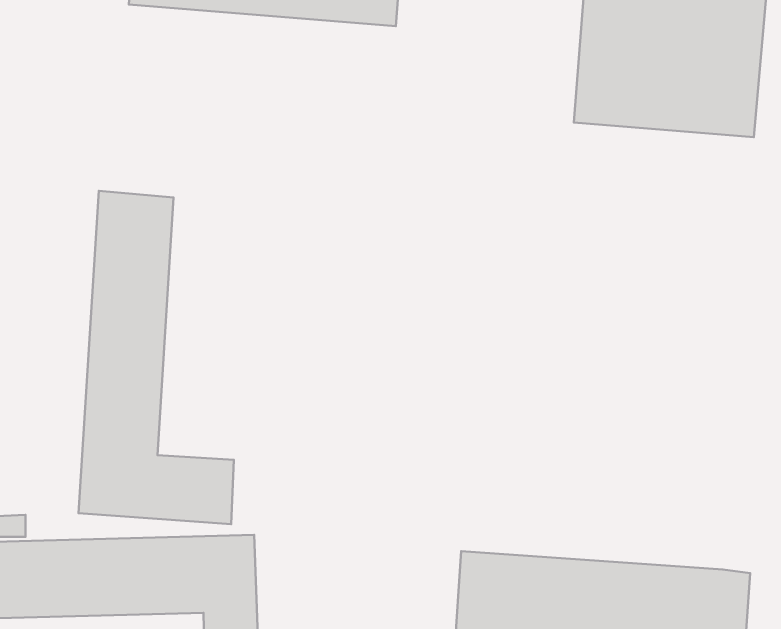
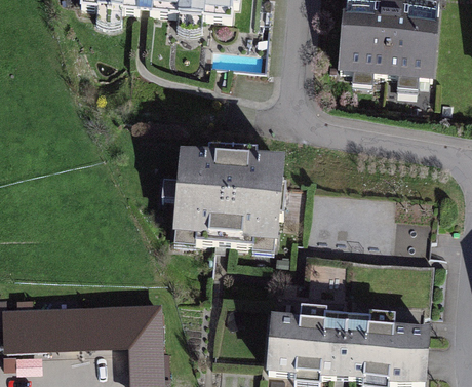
building: [79,191,234,524] -> none
building: none -> [176,150,285,237]

